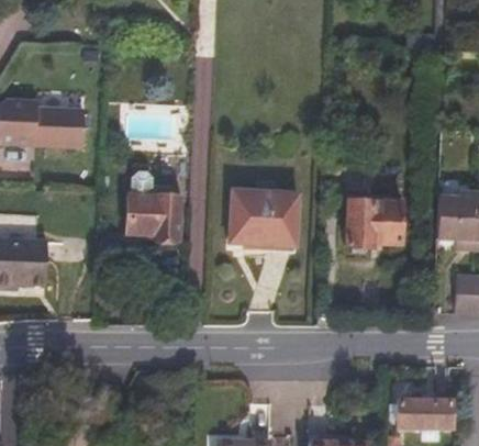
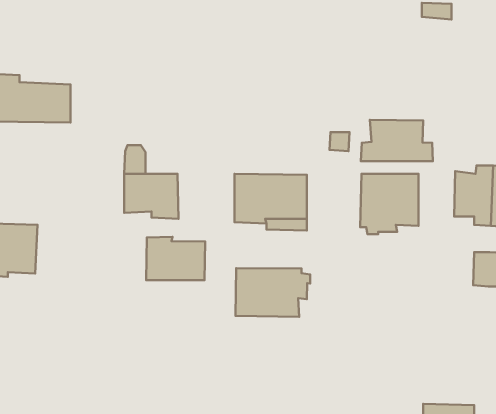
building: none -> [361,120,433,161]
building: none -> [146,237,205,280]
building: none -> [235,268,310,317]

